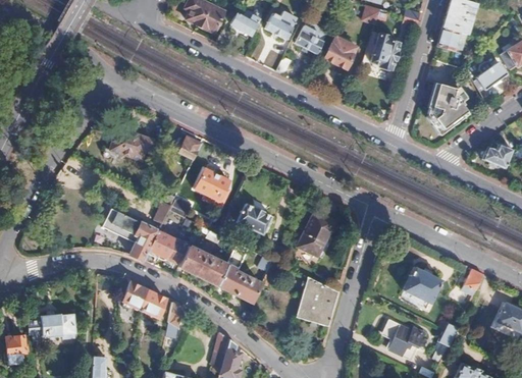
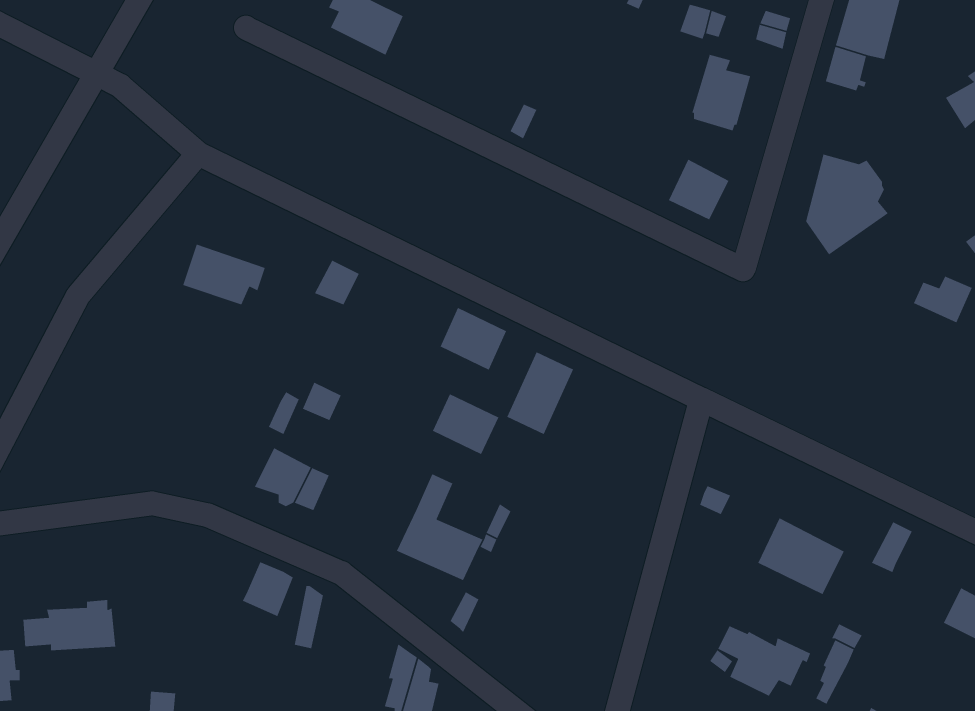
building: [264,9,296,37] -> none
building: [229,11,260,37] -> none
building: [295,18,326,52] -> none
building: [324,36,356,67] -> [668,159,730,221]
building: [475,60,507,89] -> none
building: [194,169,228,202] -> [439,307,507,371]
building: [105,210,156,263] -> none
building: [298,212,332,255] -> [506,351,574,435]
building: [180,245,228,284] -> none
building: [295,278,337,326] -> none
building: [121,281,149,310] -> none

